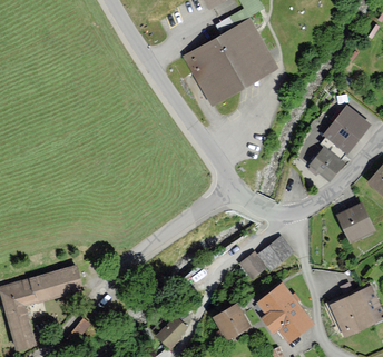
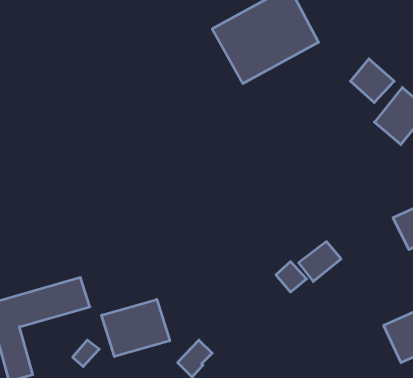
building: [308,142,345,179] -> [350,59,394,103]
building: none -> [102,299,170,357]
building: [258,285,311,341] -> none
building: [214,305,248,339] -> none

